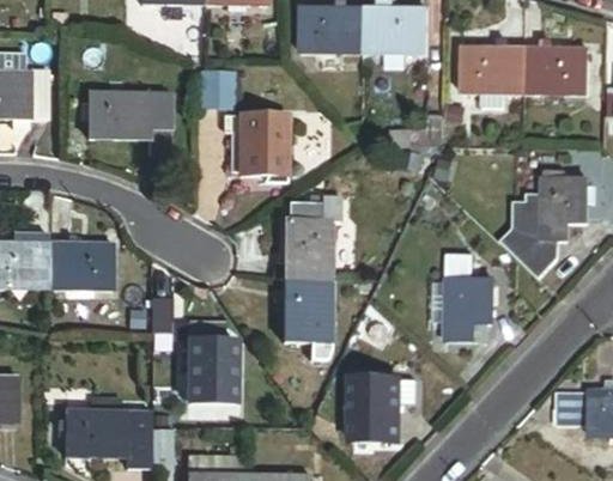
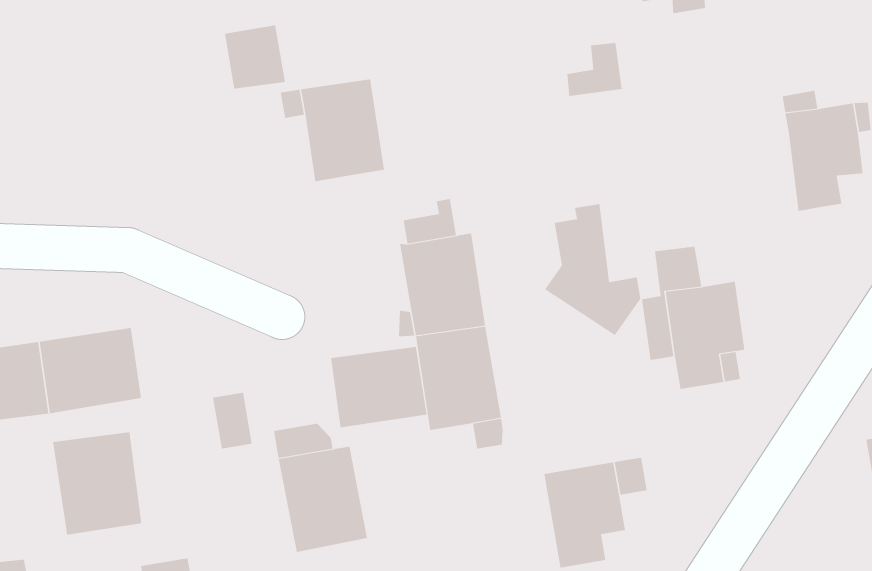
building: [86,89,169,152] -> none
building: [498,191,558,276] -> [544,203,641,336]
building: none -> [331,346,427,428]
building: none -> [53,431,142,535]

